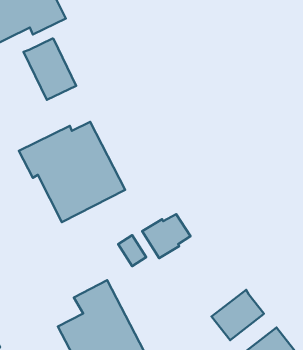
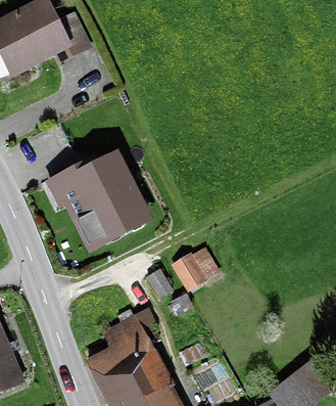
building: [24,38,76,100] -> none
building: [212,290,264,340] -> none

